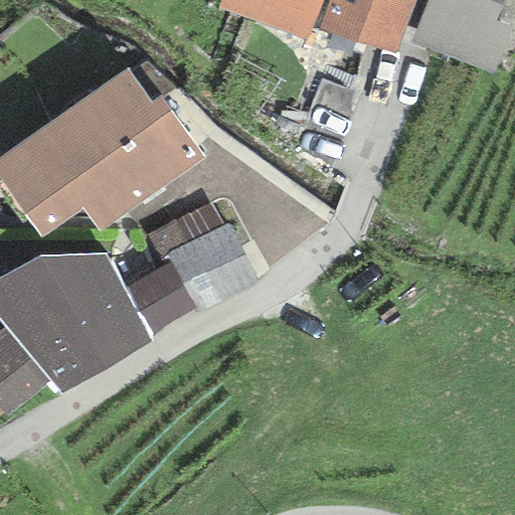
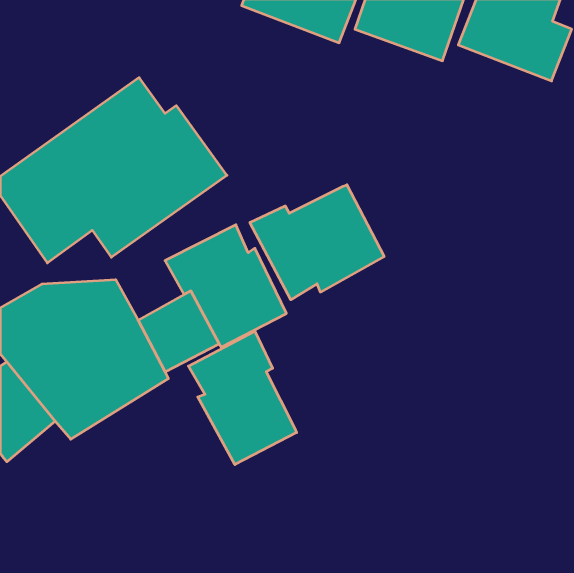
building: none -> [250,185,384,300]
building: none -> [188,331,297,465]

